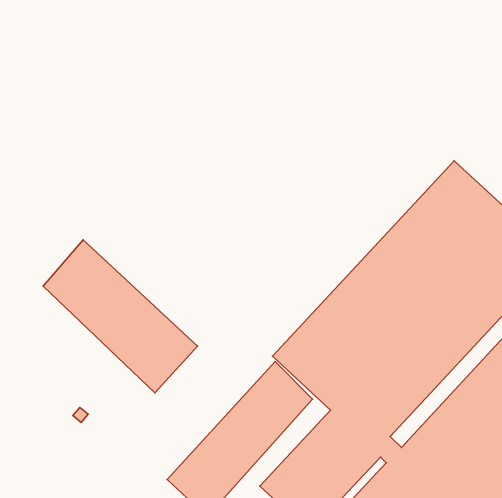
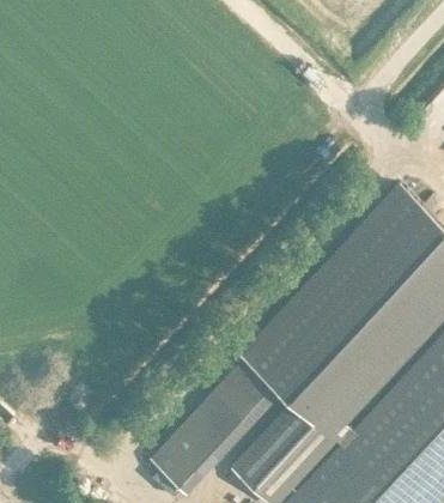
building: [43,240,198,393] -> none

